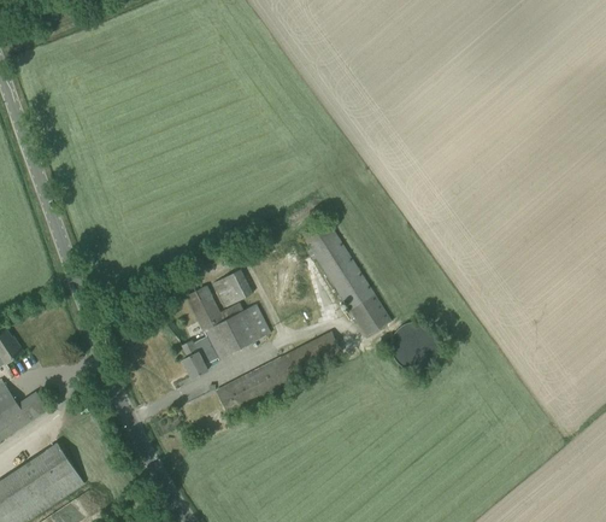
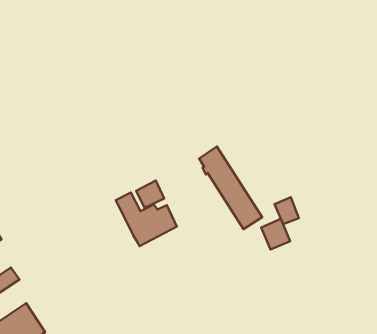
building: none -> [275,197,299,224]
building: [216,330,342,414] -> none
building: [181,339,216,377] -> none

